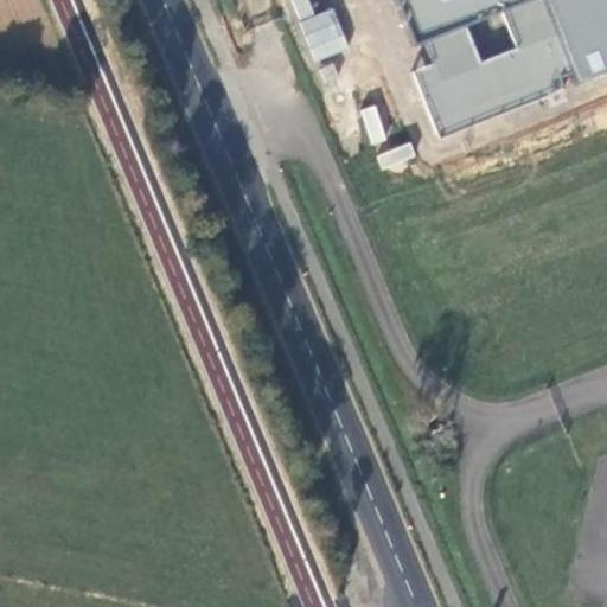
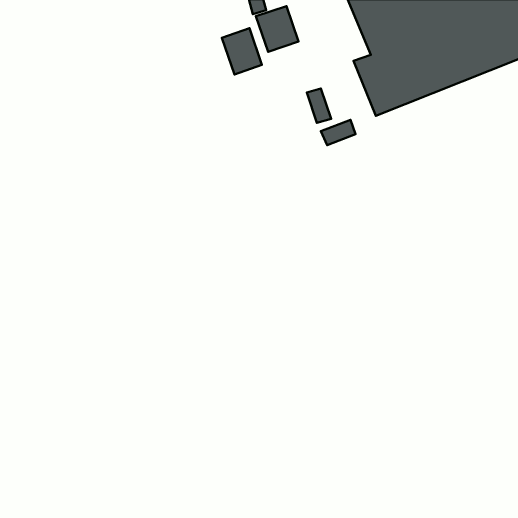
building: none -> [222,28,262,75]

